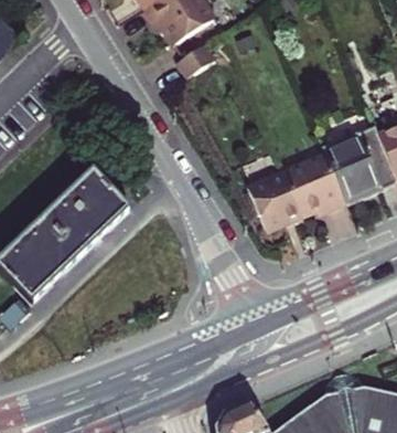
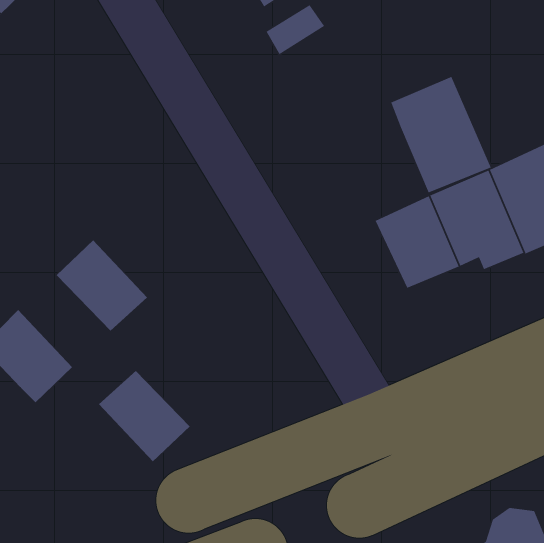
building: none -> [390,76,492,194]
building: [66,173,126,234] -> none
building: [18,220,77,279] -> [98,370,190,462]

